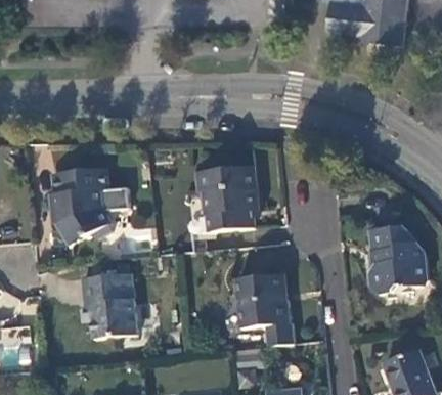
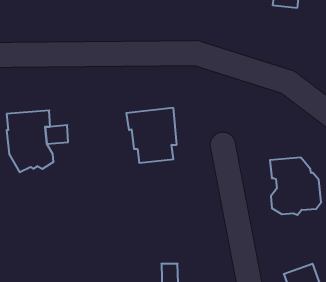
building: [82,273,136,337] -> none
building: [236,273,290,326] -> none

